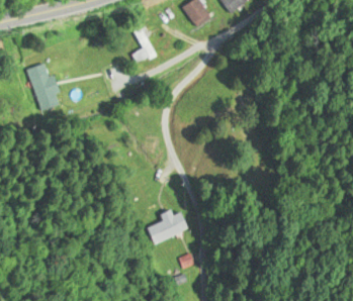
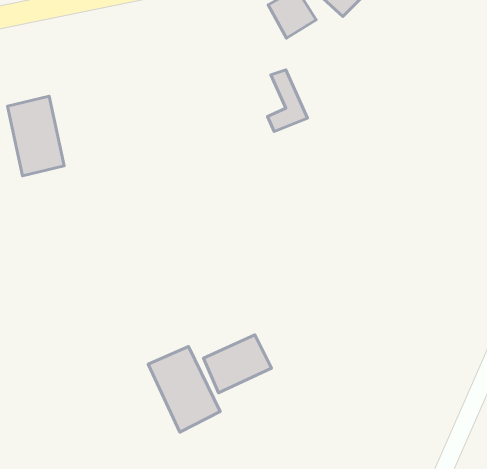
building: [131,26,156,64] -> [268,70,307,131]
building: none -> [148,346,220,432]

